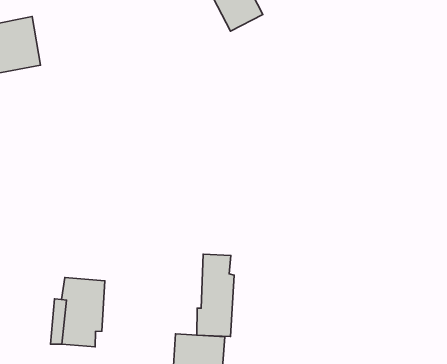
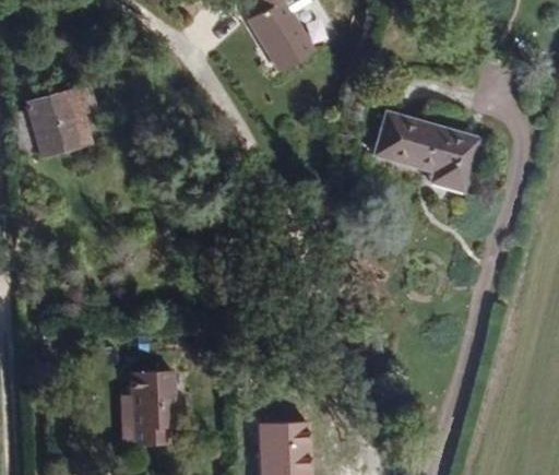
building: none -> [385,116,487,193]
building: [197,254,234,337] -> none

